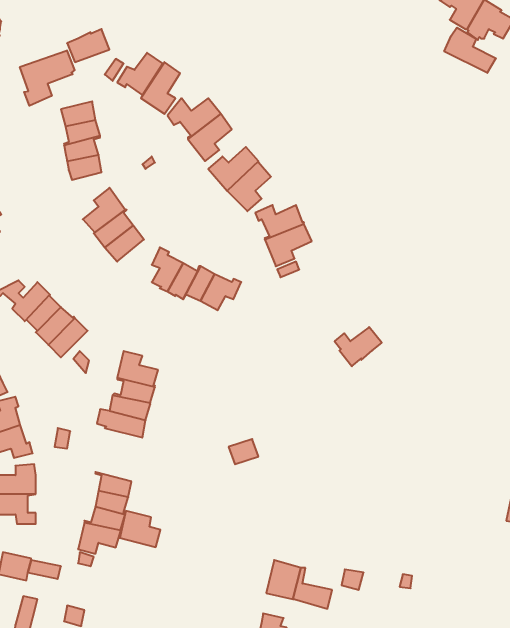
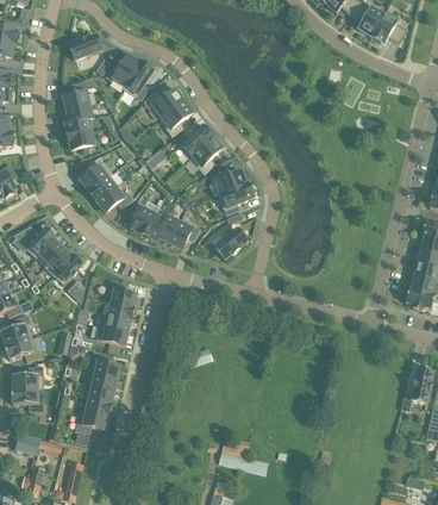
building: [444,28,496,73] -> none
building: [20,50,75,106] -> none
building: [335,327,382,366] -> [211,229,246,258]
building: [120,511,160,547] -> [88,351,119,379]

